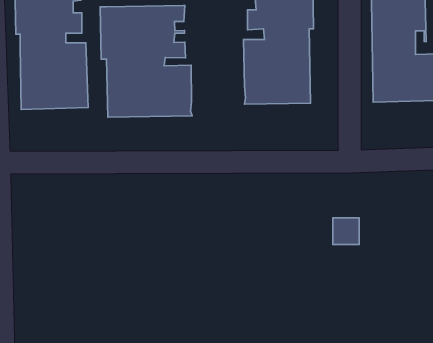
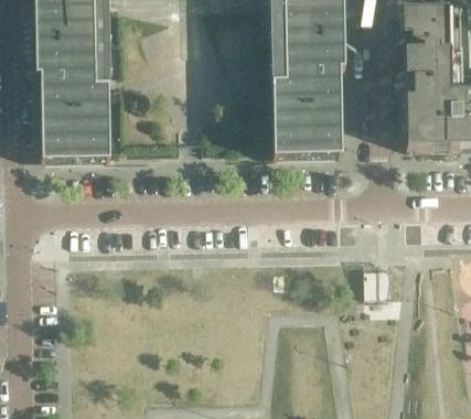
building: [100,6,192,117] -> none

